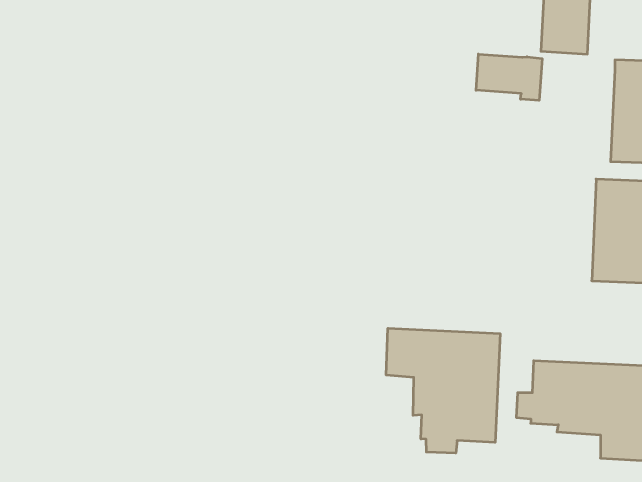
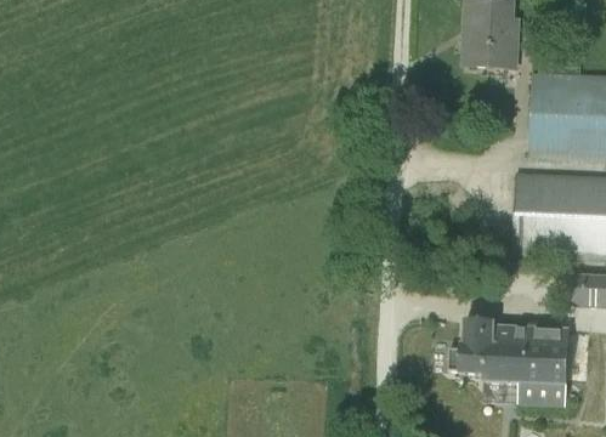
building: [476,54,542,100] -> none
building: [386,328,500,453] -> none

